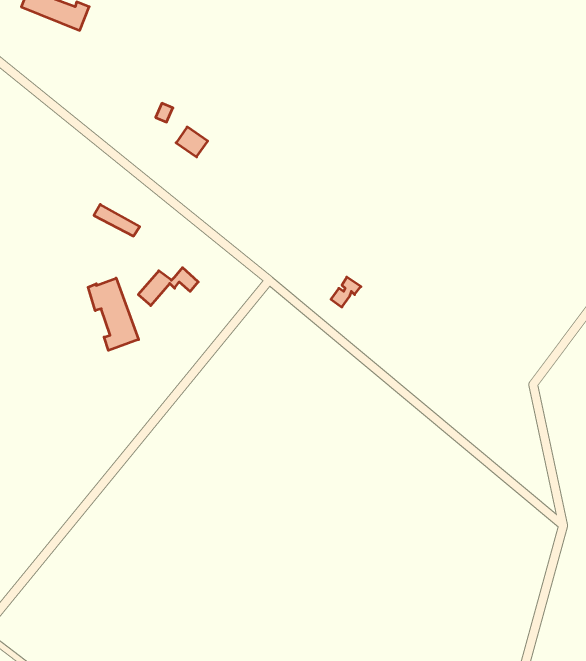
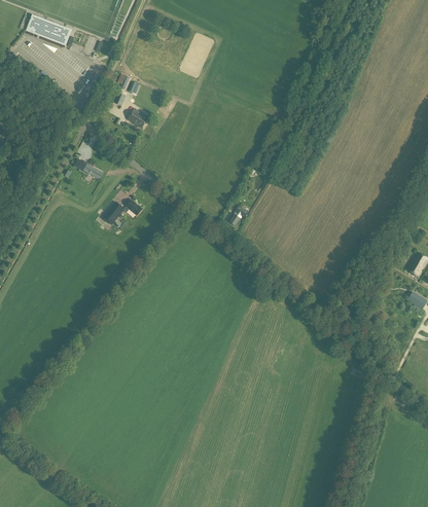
building: [88,278,139,350] -> none

